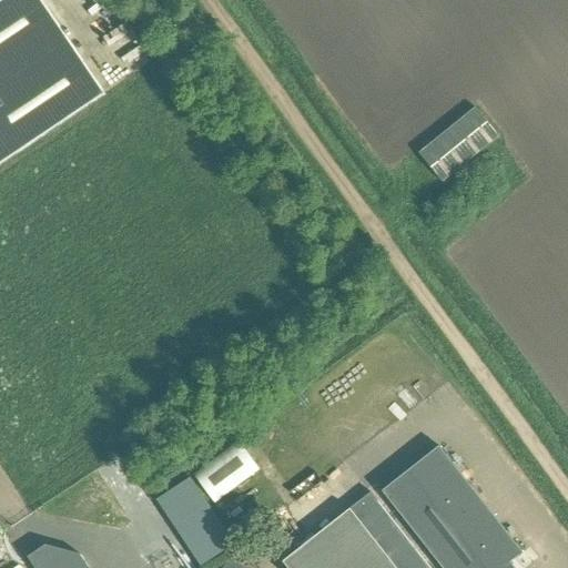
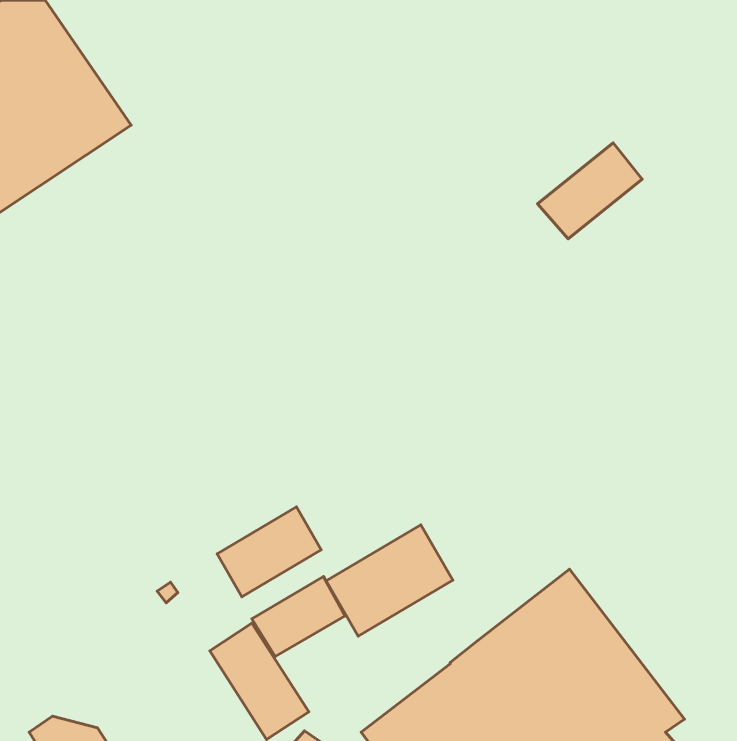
building: none -> [217,507,321,597]
building: none -> [326,525,453,636]

